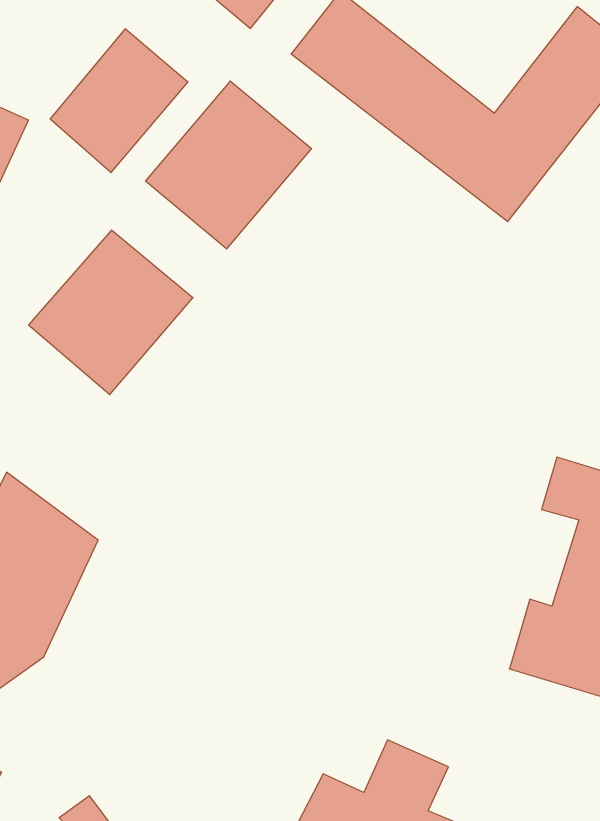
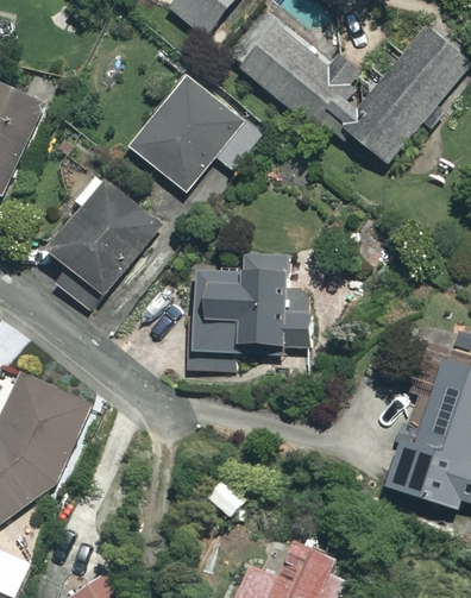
building: [50,29,188,173] -> none
building: none -> [188,252,301,360]

